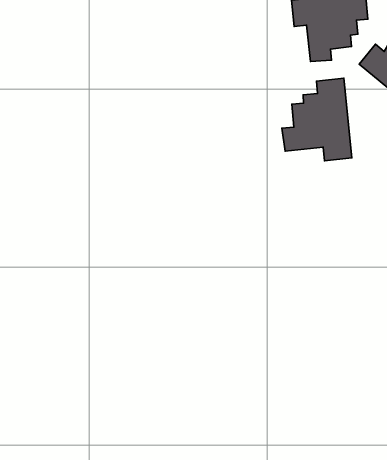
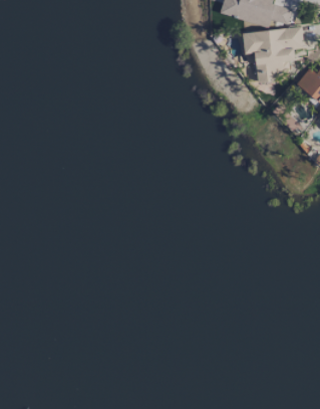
building: [282,78,352,161] -> none

